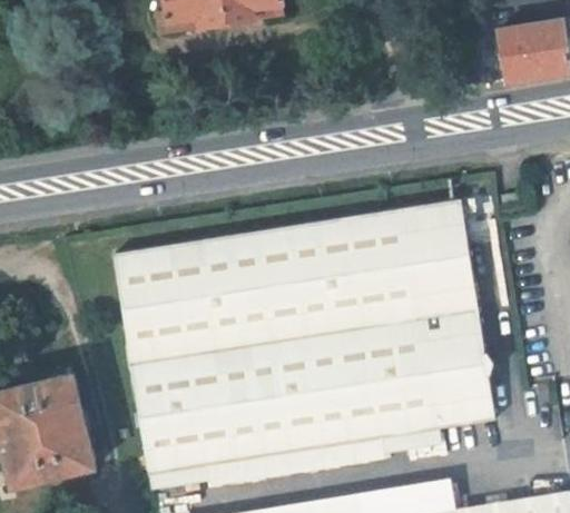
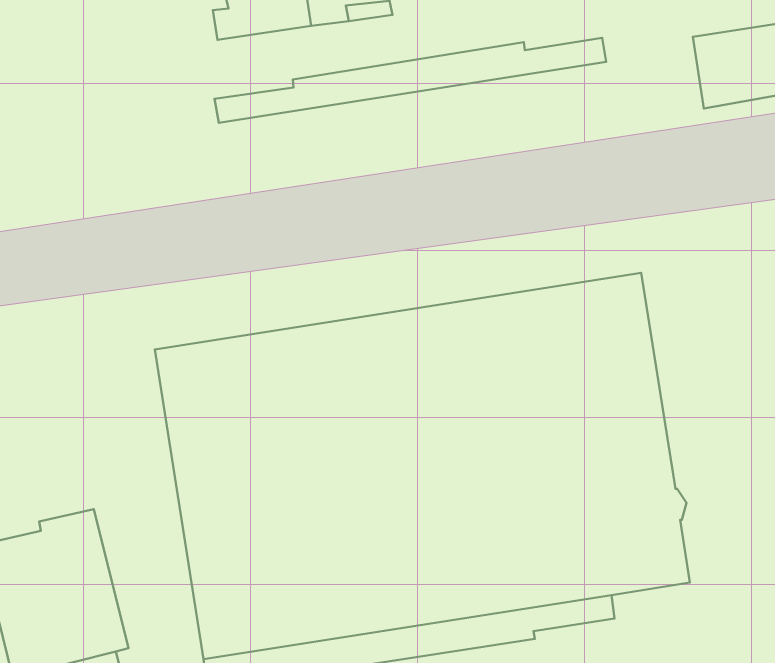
building: none -> [215,38,606,123]

